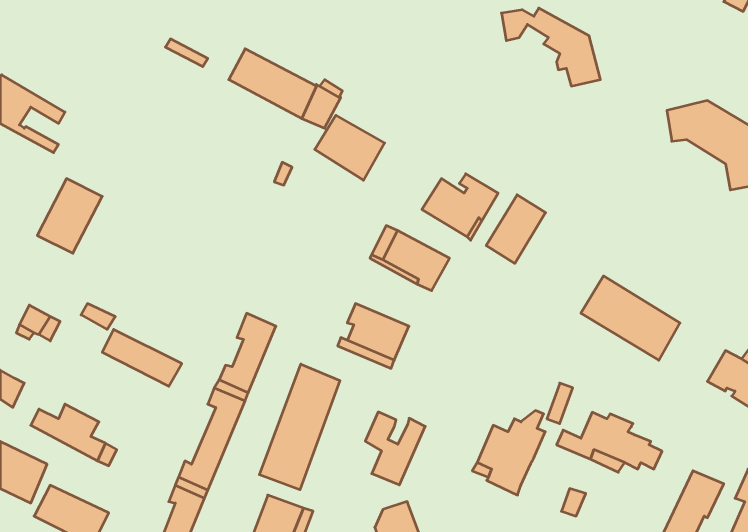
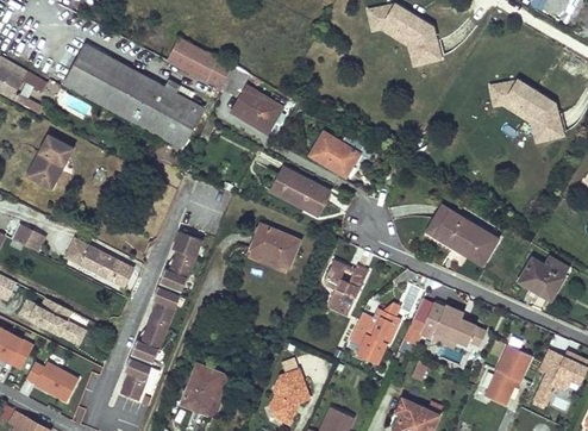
building: none -> [64,45,204,148]
building: [486,195,546,263] -> none
building: [259,364,340,490] -> none
building: [365,412,425,485] -> [324,260,368,313]

